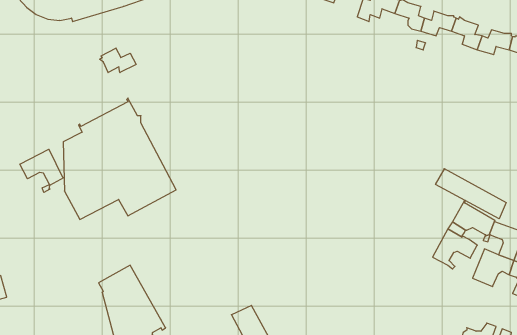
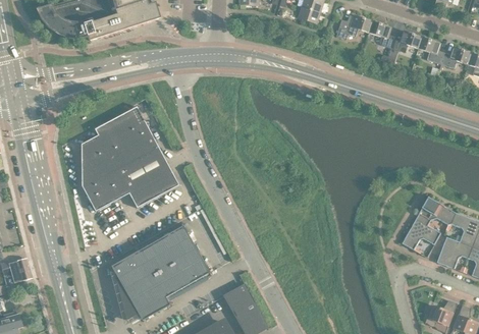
building: [100,48,136,73] -> none
building: [20,149,64,192] -> none
building: [436,169,506,219] -> none
building: none -> [139,224,210,297]

